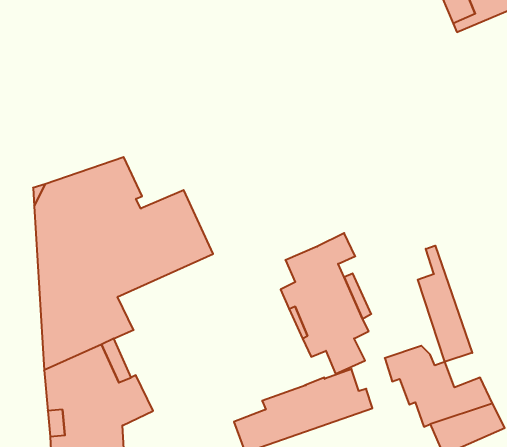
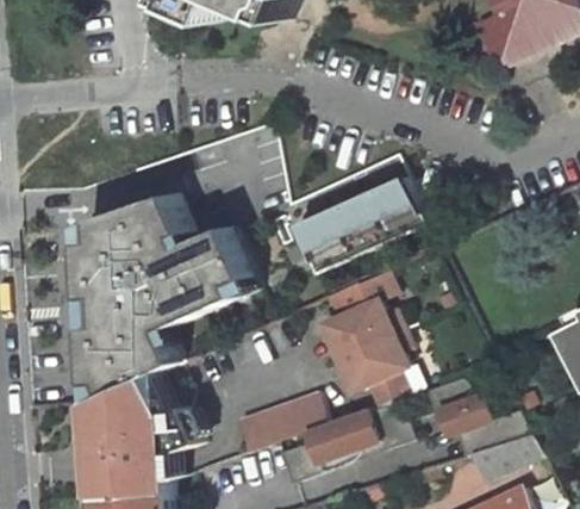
building: none -> [291,175,422,273]
building: [418,246,472,362] -> none
building: none -> [232,391,322,449]

